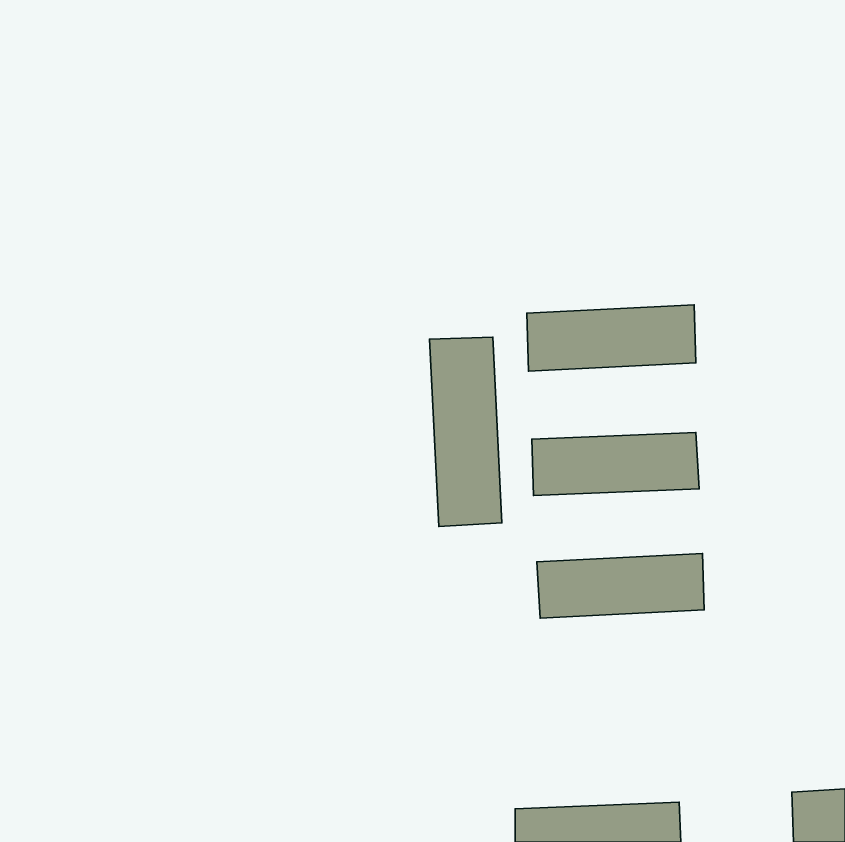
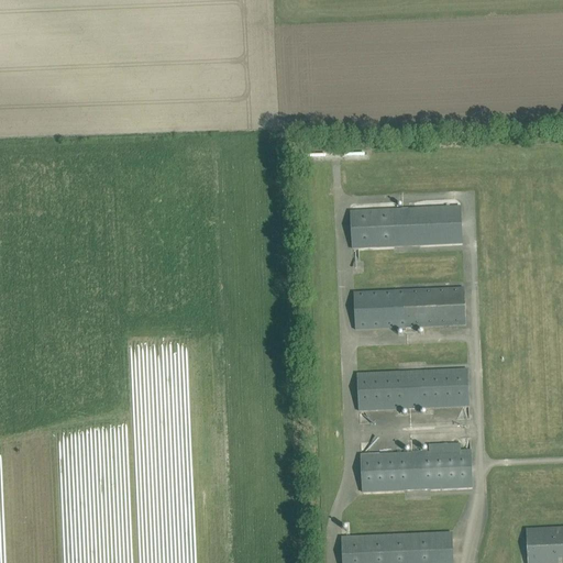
building: [429,337,502,526] -> none
building: none -> [360,440,472,492]

